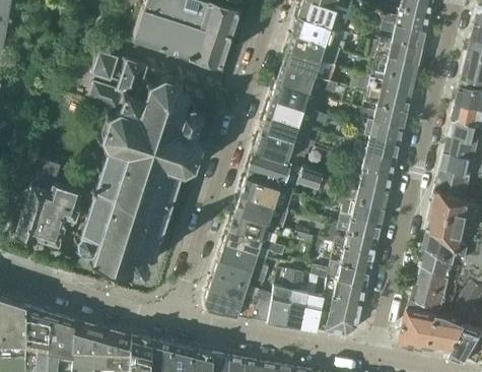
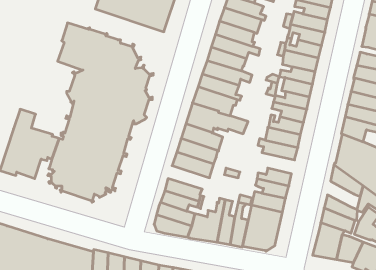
building: [336,213,380,240] -> none
building: [222,230,284,259] -> none
building: [420,249,454,282] -> none

